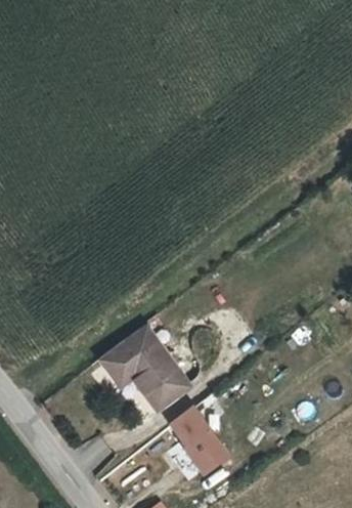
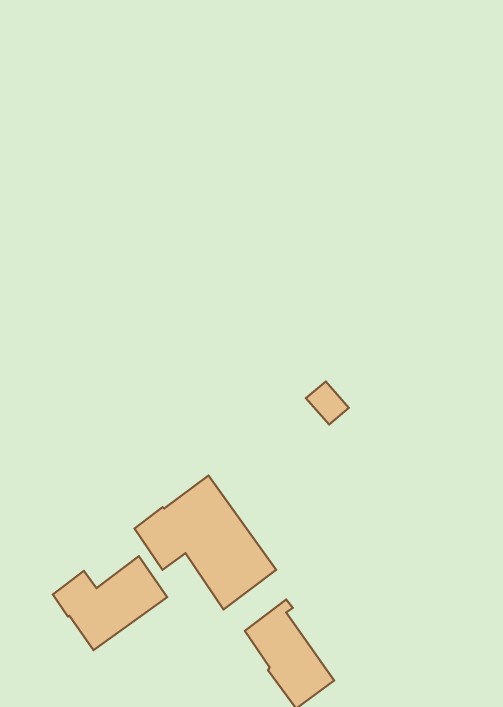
building: none -> [53,556,167,650]

